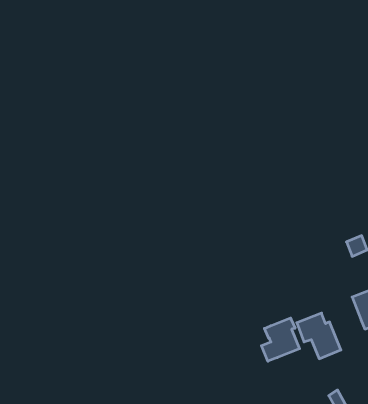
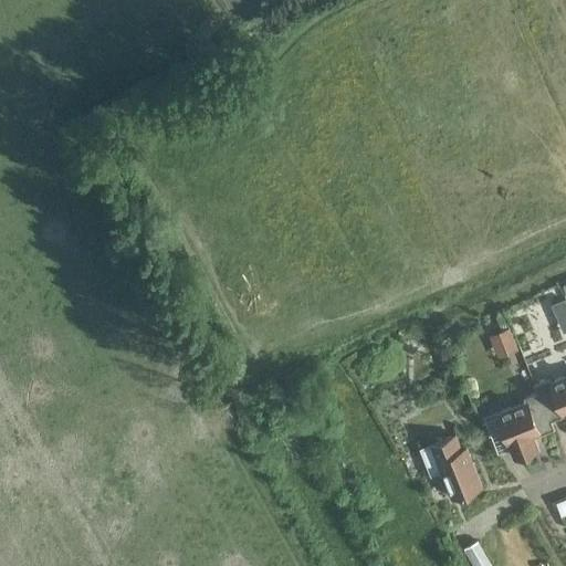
building: [261,318,300,361] -> none

